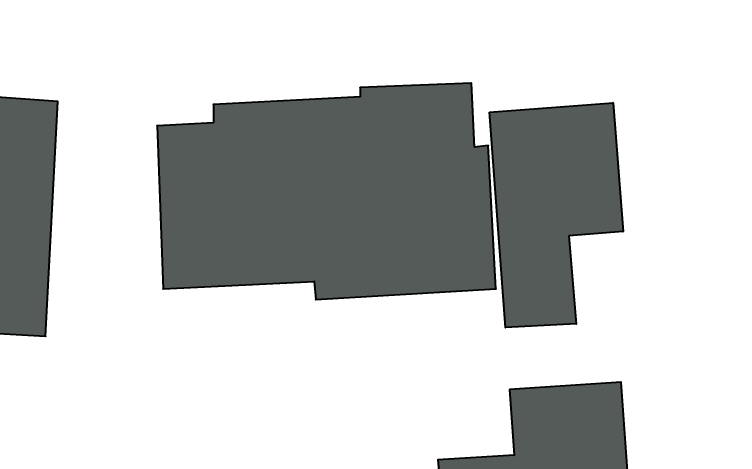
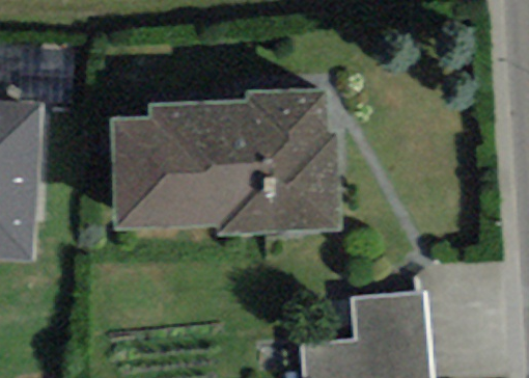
building: [490,103,623,328] -> none

